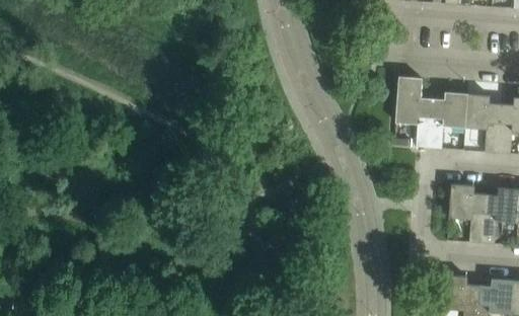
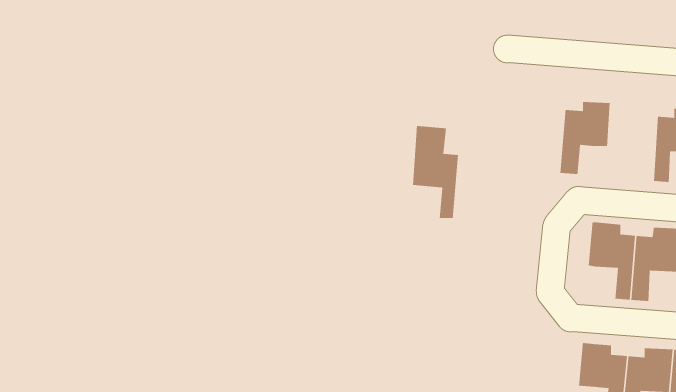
building: [395,77,431,148] -> [412,125,459,219]
building: [463,94,501,154] -> none

